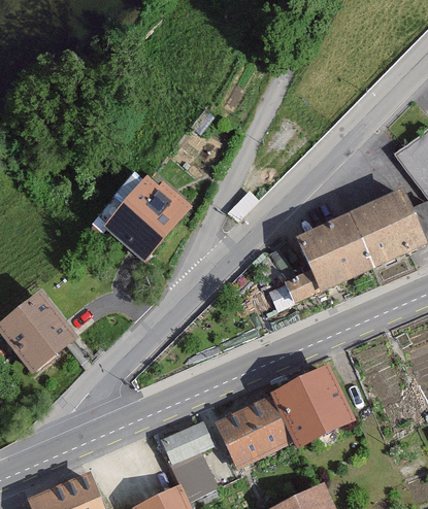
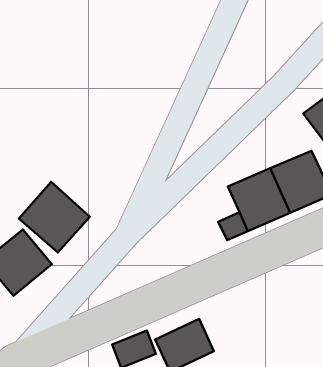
building: [97,178,186,266] -> [19,182,90,252]
building: [271,365,359,448] -> none

